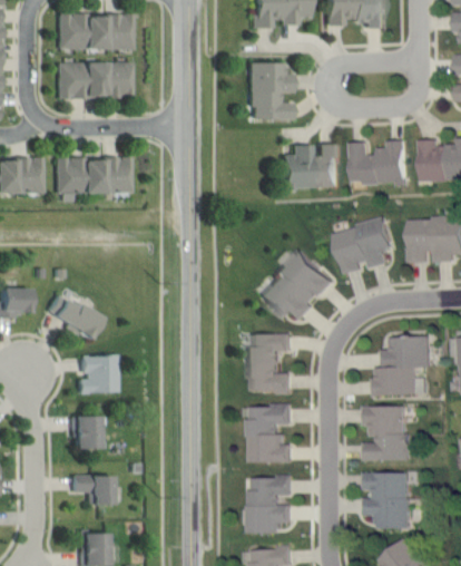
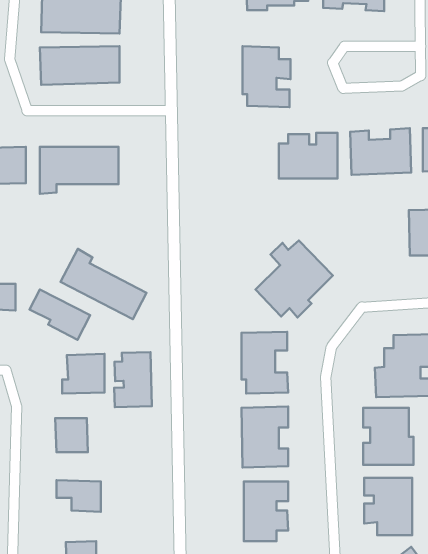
building: [333,216,393,272] -> none
building: none -> [61,249,146,319]
building: none -> [114,352,152,407]

